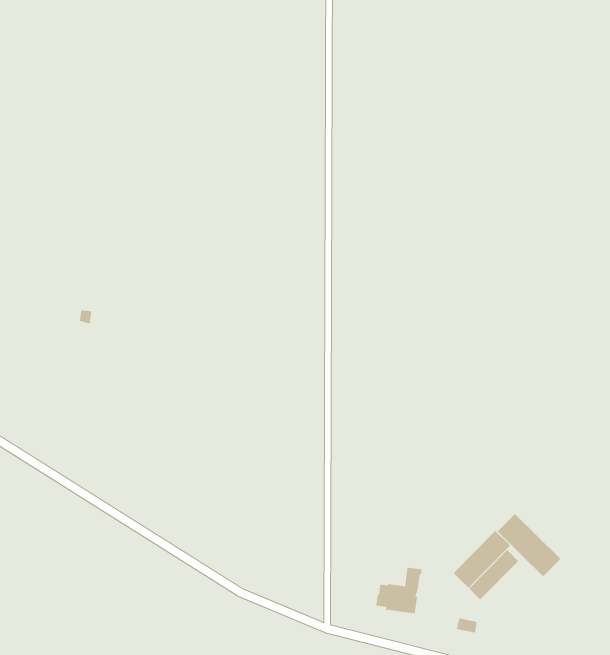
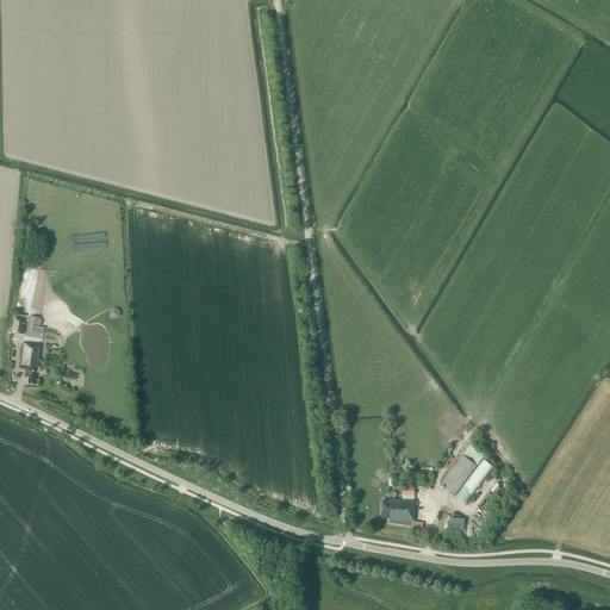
building: [497,513,561,577] -> none

